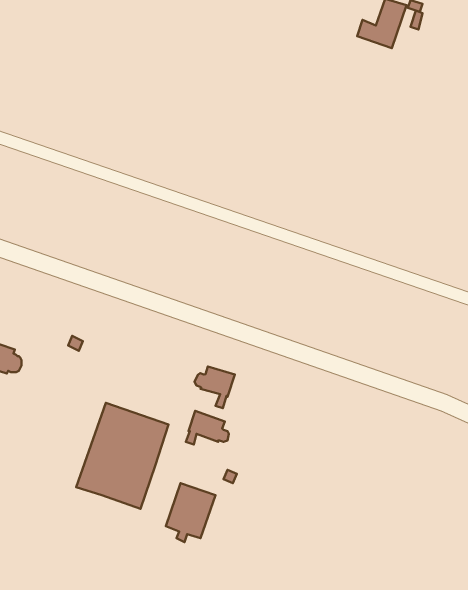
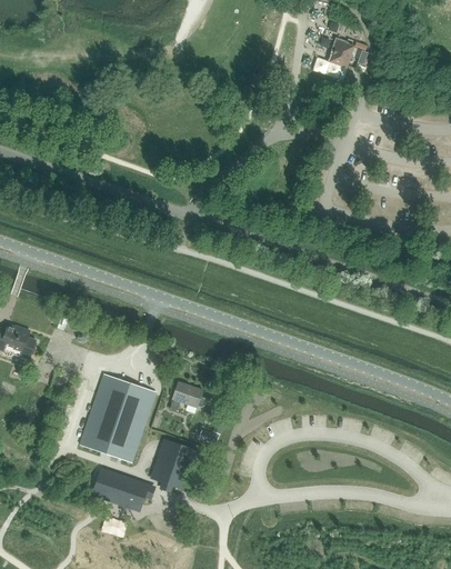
building: [195,366,235,408] -> none
building: none -> [93,470,152,509]

